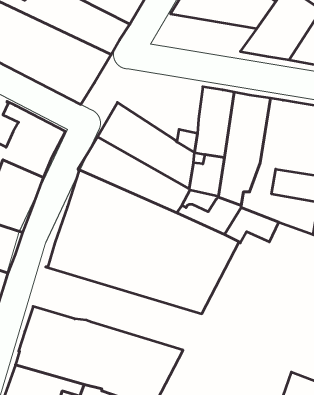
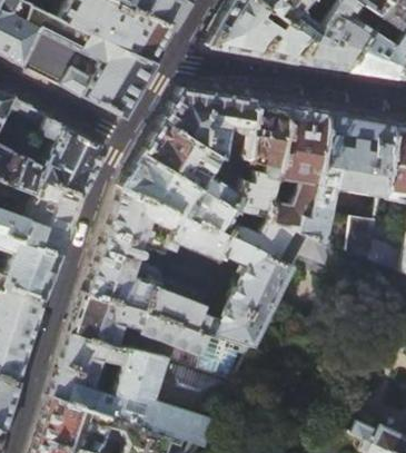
building: none -> [205,22,311,62]
building: none -> [162,88,254,157]
building: none -> [72,293,252,382]

